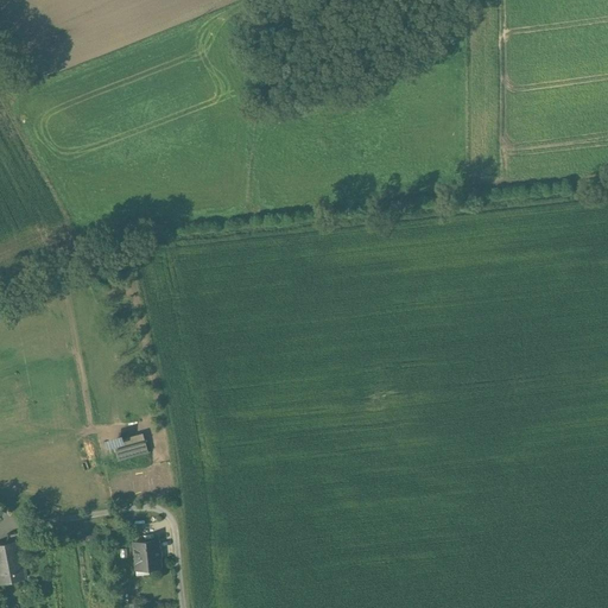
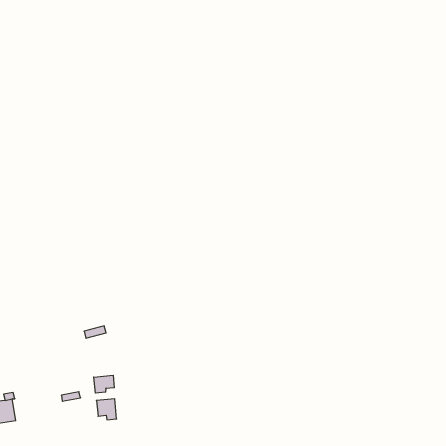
building: none -> [94,375,114,393]

